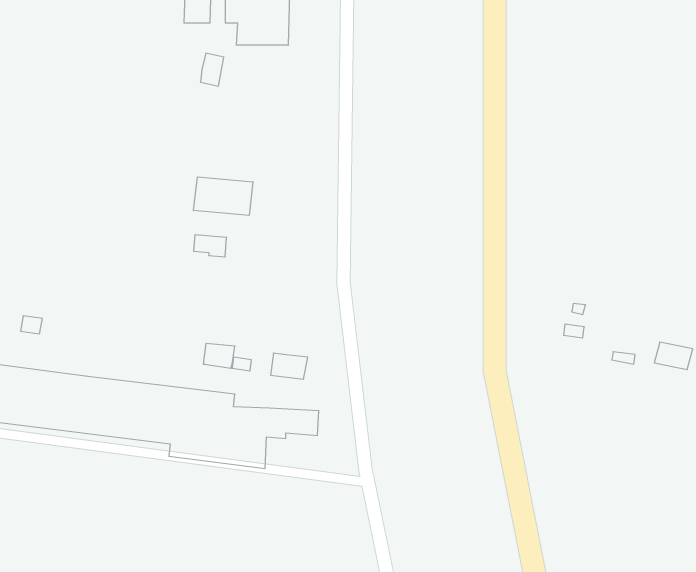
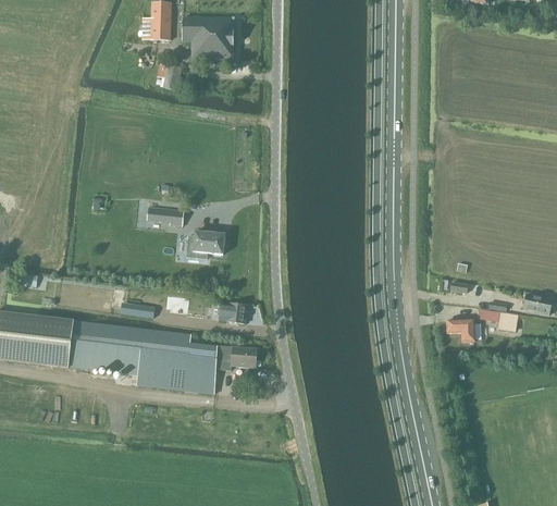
building: [194,177,253,215] -> none
building: none -> [193,230,224,252]
building: none -> [479,308,515,330]
building: none -> [447,319,474,341]

